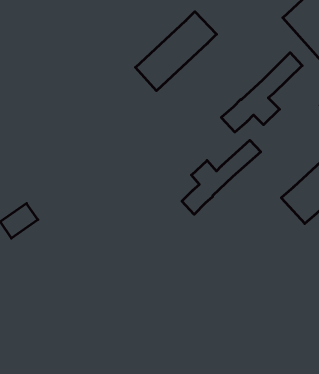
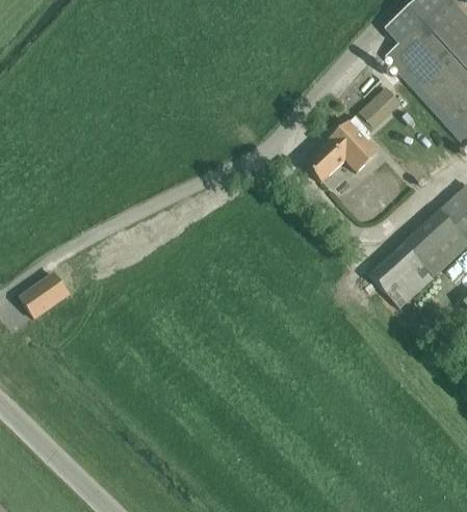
building: [135,12,217,91] -> none
building: [182,140,261,214] -> none

